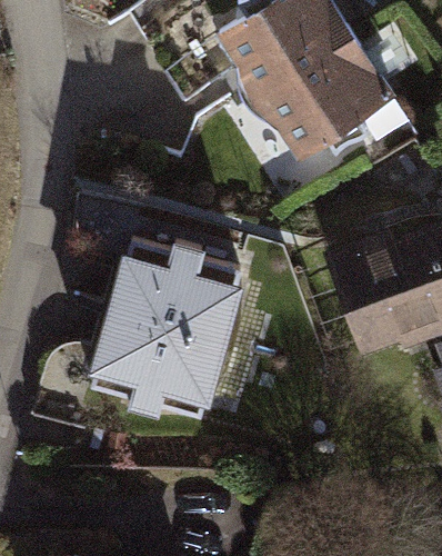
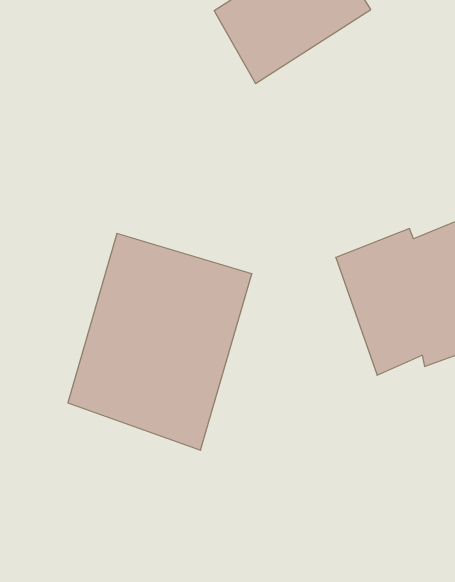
building: [252,37,396,165] -> none

